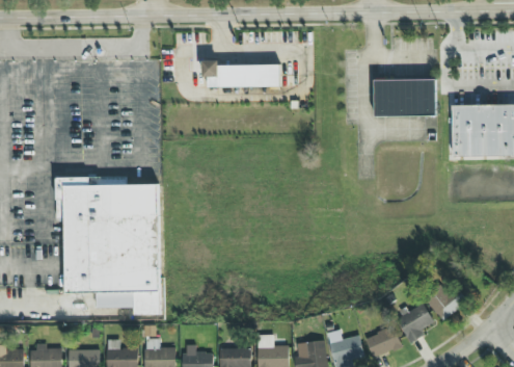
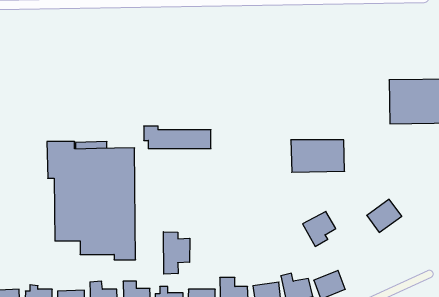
building: [202,60,280,86] -> [144,126,211,149]
building: [374,79,436,116] -> [291,140,345,172]
building: none -> [163,232,190,274]
building: [427,282,467,320] -> [367,199,402,232]
building: [396,303,434,343] -> [303,211,336,246]

